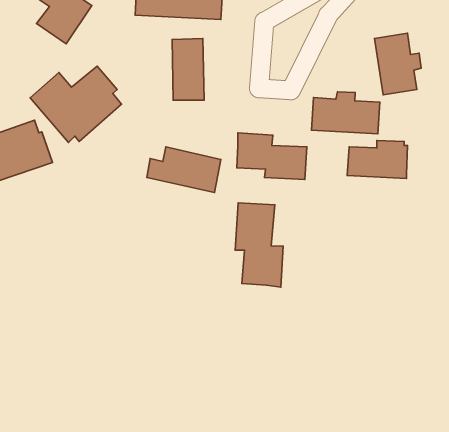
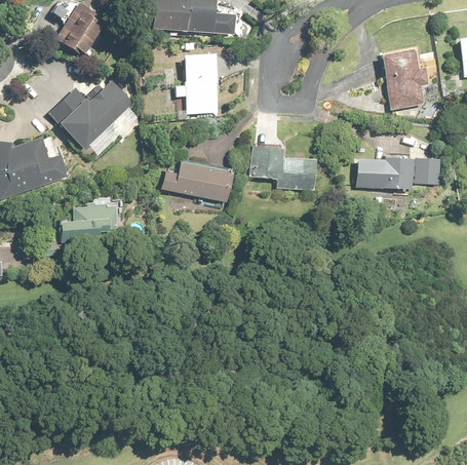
building: [311,92,380,134] -> none
building: none -> [415,157,441,186]
building: none -> [61,193,118,241]
building: [235,203,283,287] -> none

